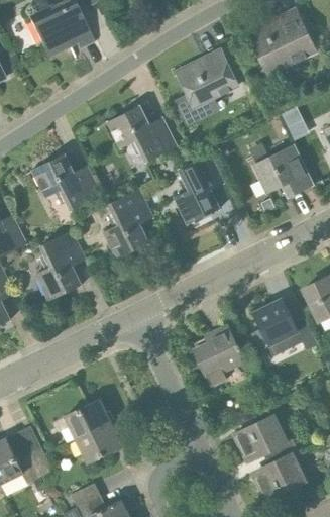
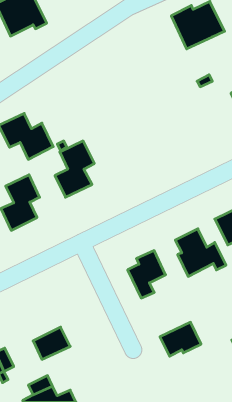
building: [173,50,237,127] -> none
building: [107,106,176,162] -> none
building: [253,145,312,197] -> none
building: [174,153,223,224] -> none
building: [65,399,110,439] -> none
building: [254,440,306,500] -> none

